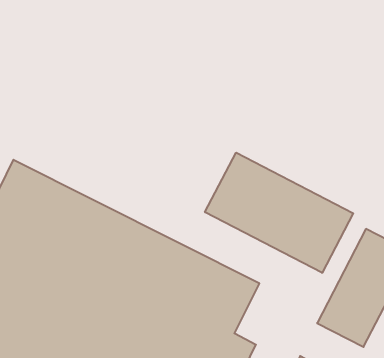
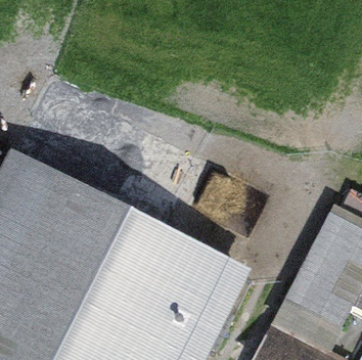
building: [205,153,353,273] -> none

